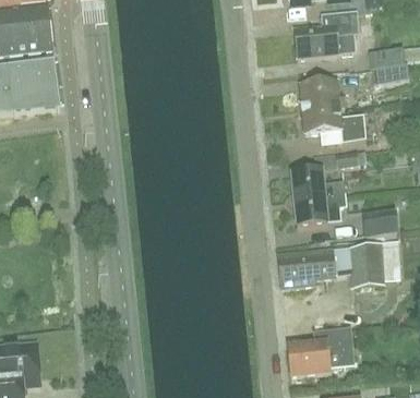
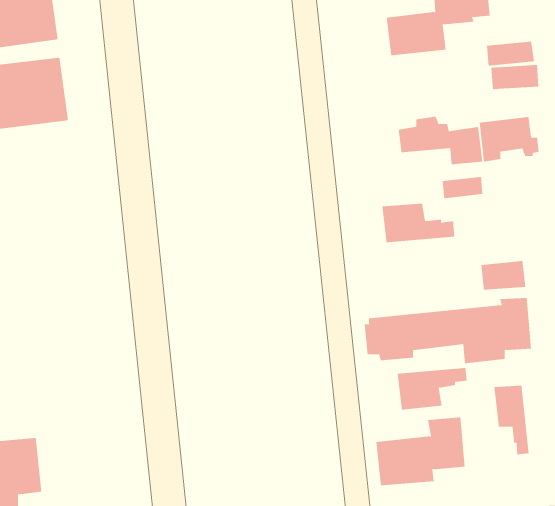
building: [299,80,344,113] -> [479,117,539,162]
building: [293,193,346,225] -> [397,368,468,410]
building: none -> [494,385,529,455]

